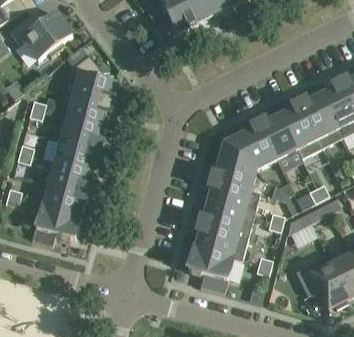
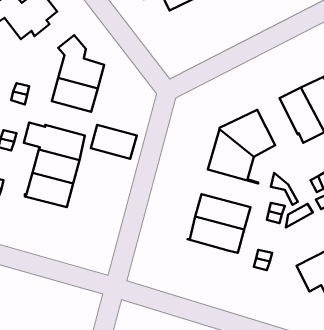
building: [257,114,295,158] -> none
building: [59,117,102,149] -> [91,125,137,159]
building: [205,181,258,214] -> none
building: [30,206,79,246] -> none
building: [186,246,231,293] -> none

